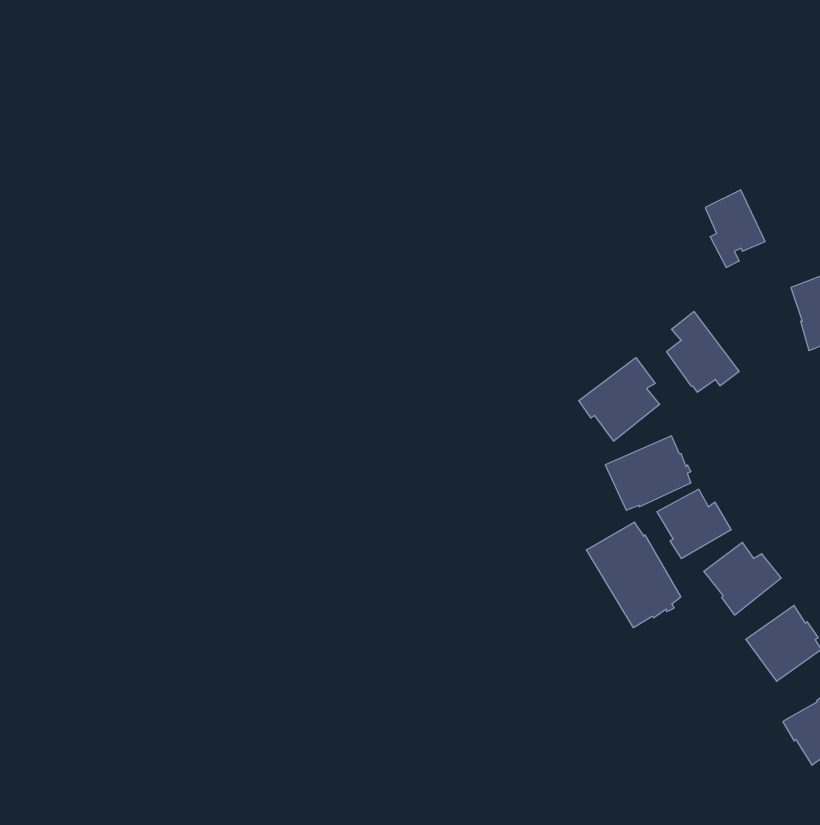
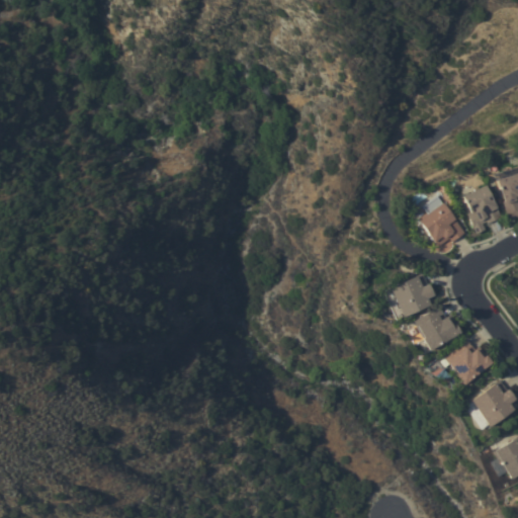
building: [705,190,765,267] -> [465,185,503,234]
building: [579,358,660,441] -> none
building: [586,522,681,628] -> none

